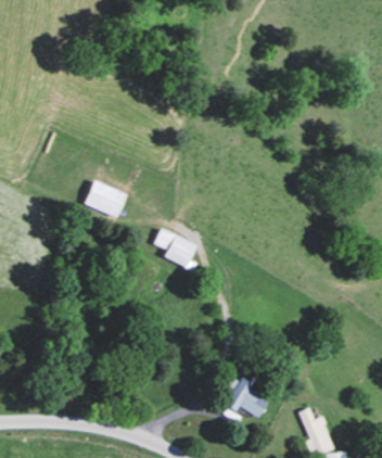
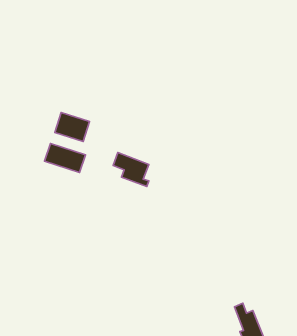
building: none -> [45,144,85,173]
building: [220,376,269,418] -> none

